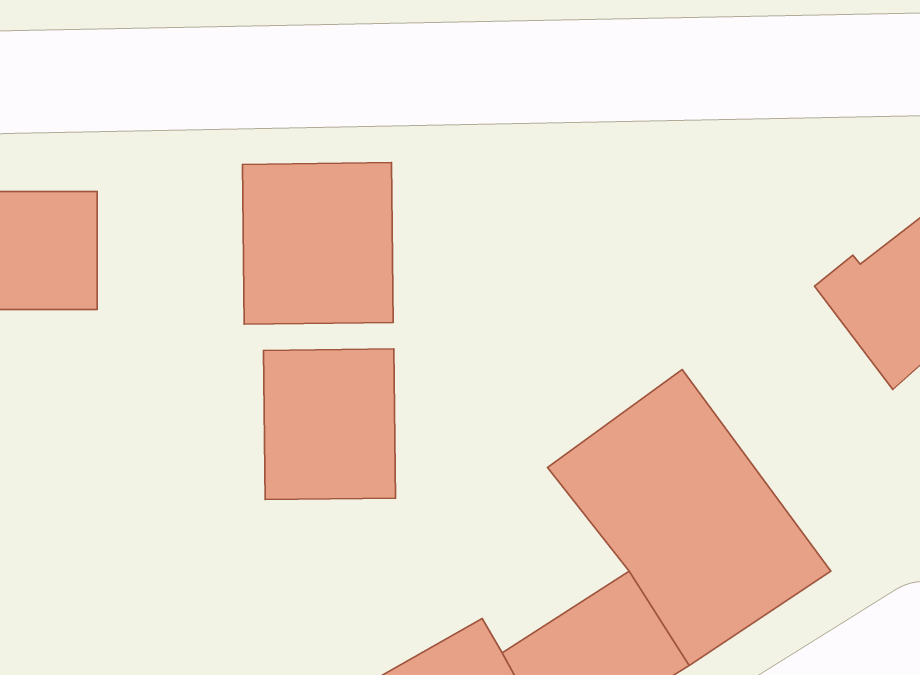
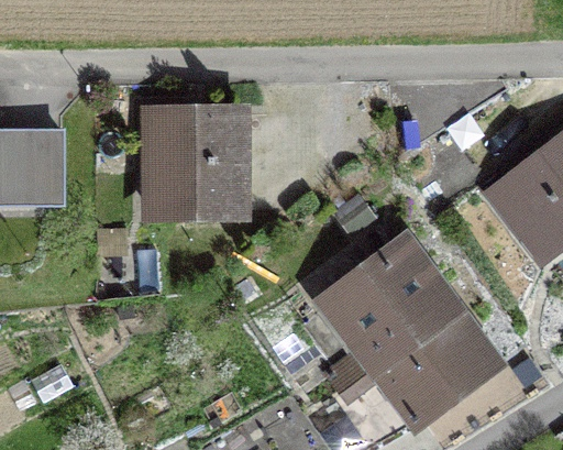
building: [264,349,395,500] -> none

